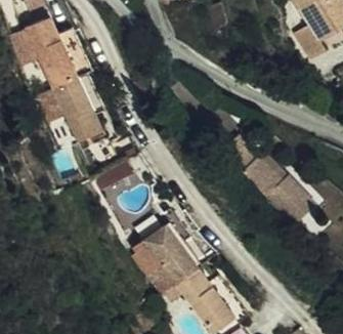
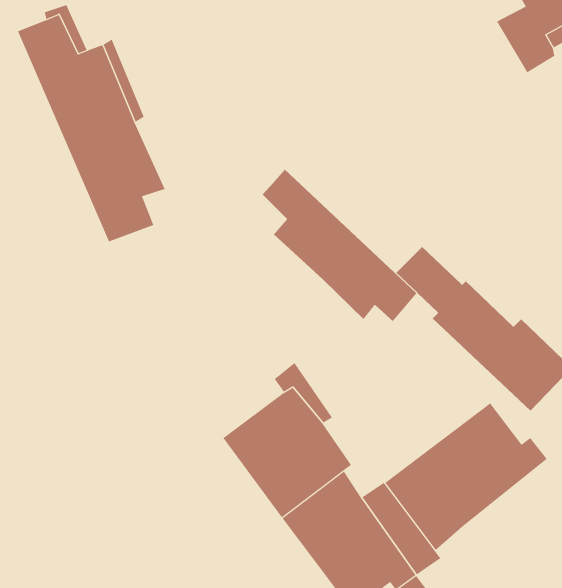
building: none -> [262,169,417,322]
building: none -> [384,403,547,551]

